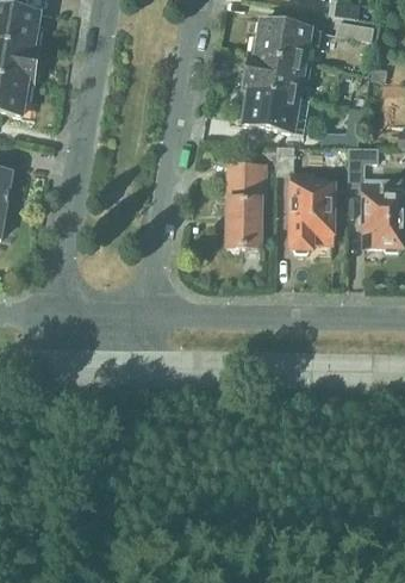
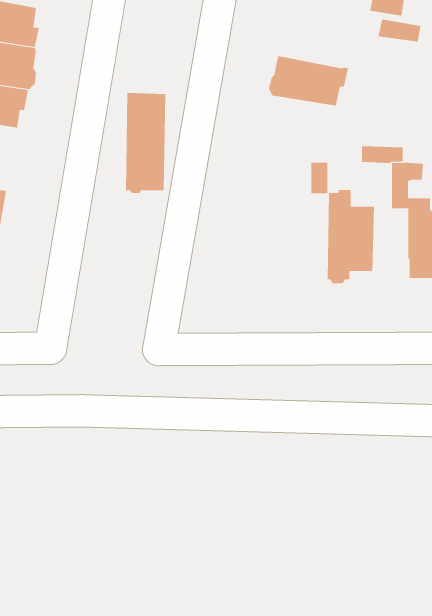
building: [249,19,320,63] -> none
building: [239,87,309,134] -> none
building: [225,162,261,250] -> [125,92,166,194]

